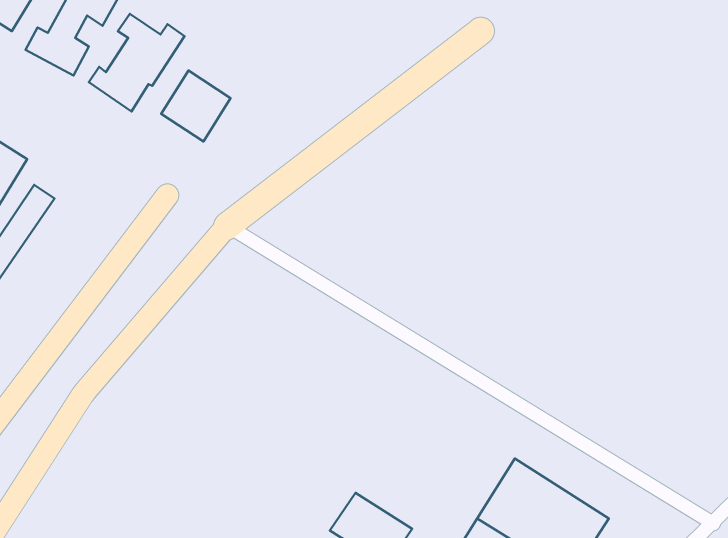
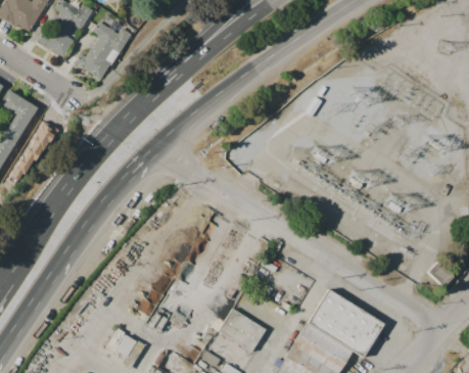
building: [161,71,231,142] -> none

